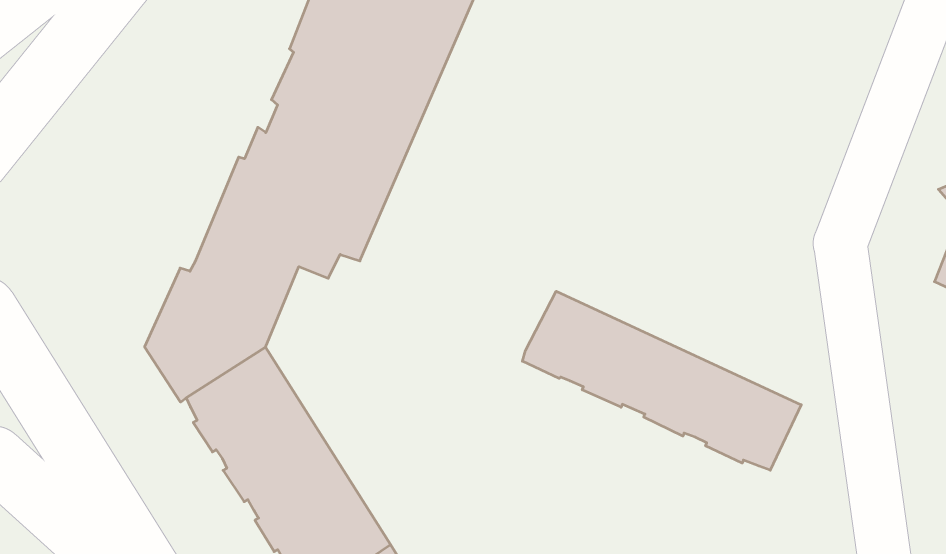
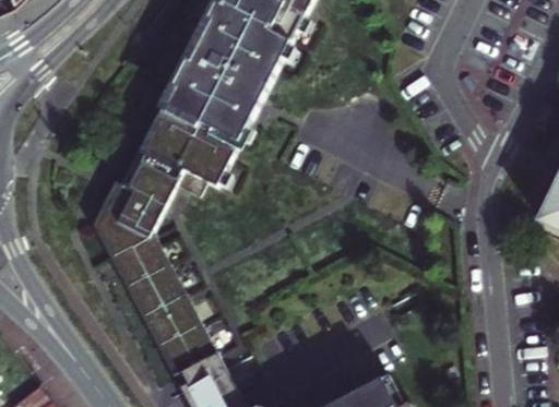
building: [522,291,801,470] -> none

